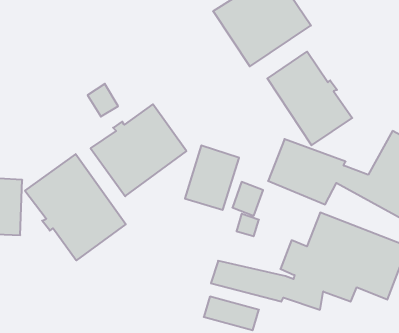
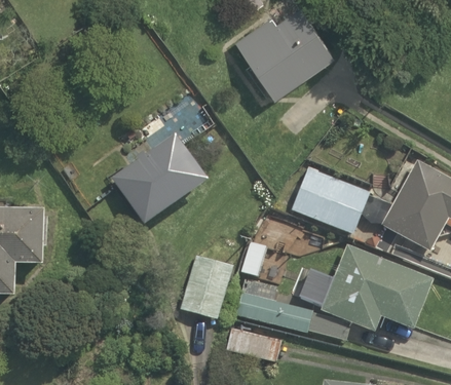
building: [267,52,352,145] -> none
building: [185,145,239,210] -> [180,256,234,320]
building: [25,154,126,260] -> none

